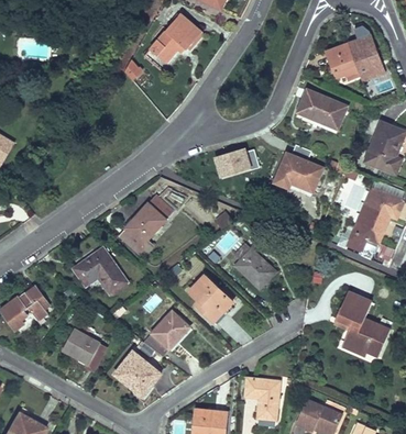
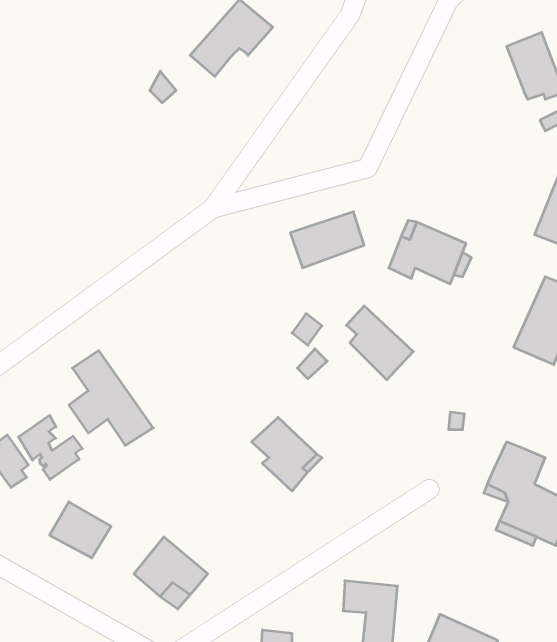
building: [326,44,359,77] -> none
building: [298,89,347,129] -> none
building: [125,196,173,245] -> none
building: [233,243,275,289] -> [346,306,413,380]
building: none -> [18,415,82,480]
building: [143,311,189,356] -> none

